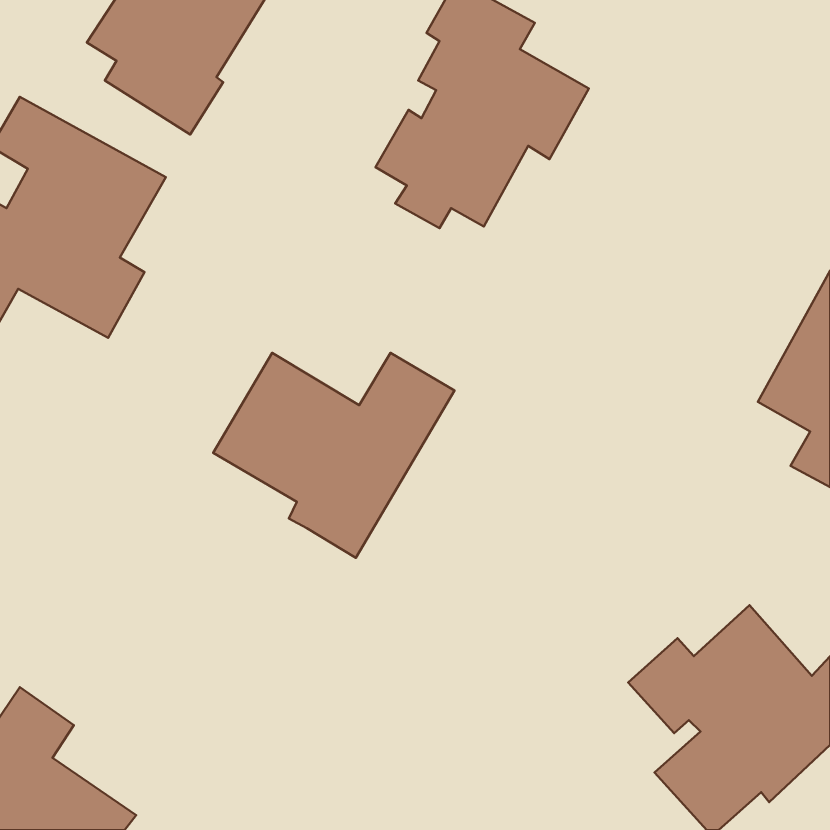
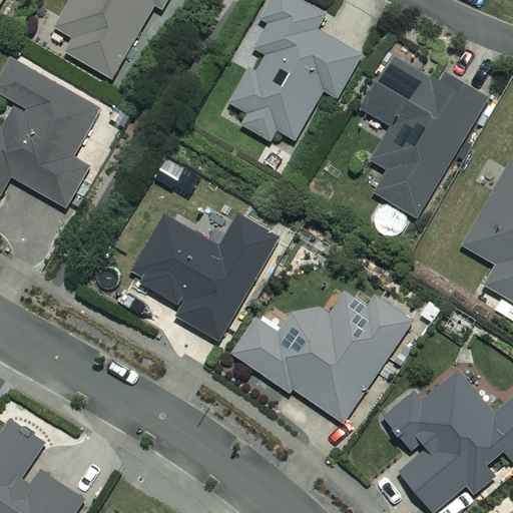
building: none -> [363,57,486,216]
building: none -> [234,291,413,421]

